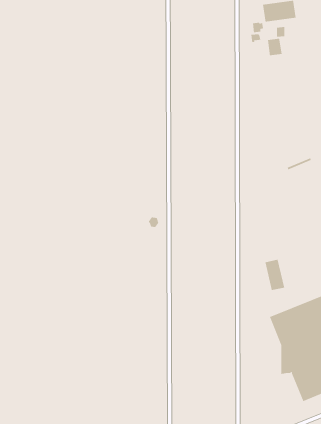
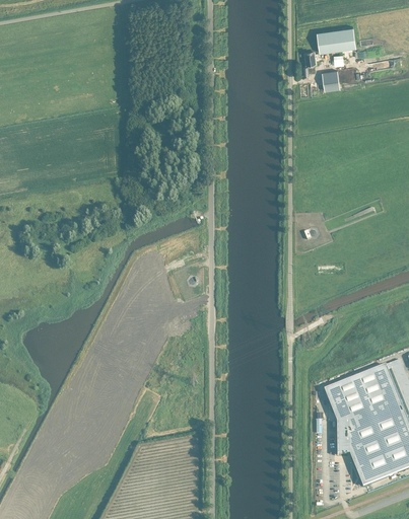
building: [265,259,285,291] -> none

